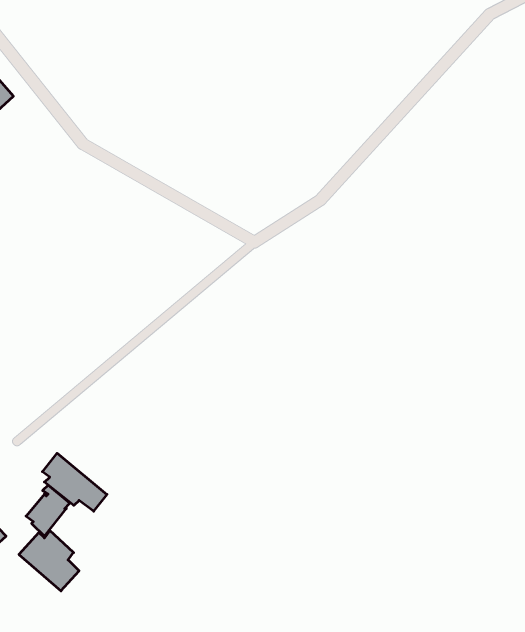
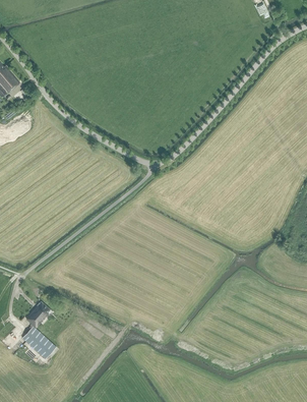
building: [42,453,107,511] -> none

